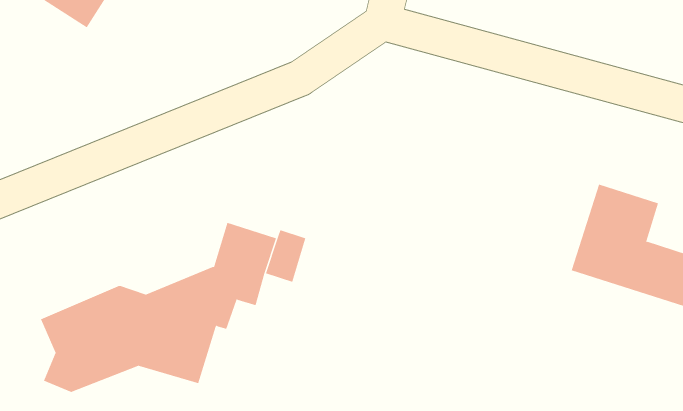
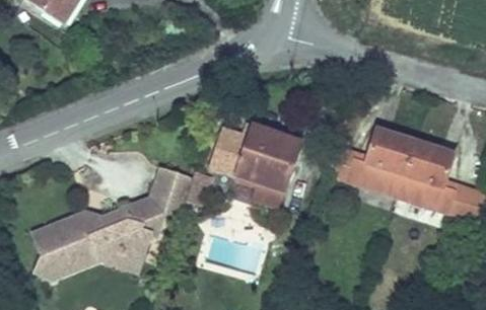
building: none -> [207,122,303,209]
building: none -> [330,125,415,197]

